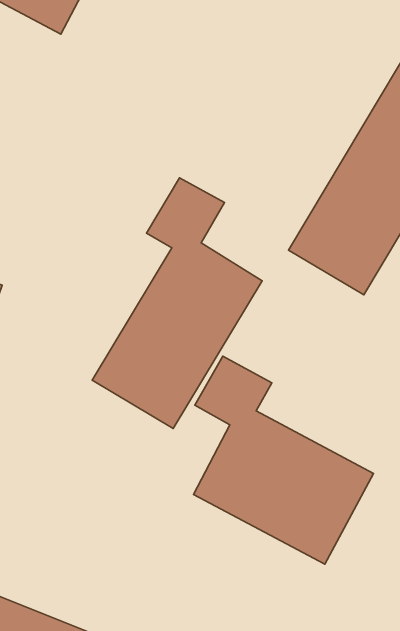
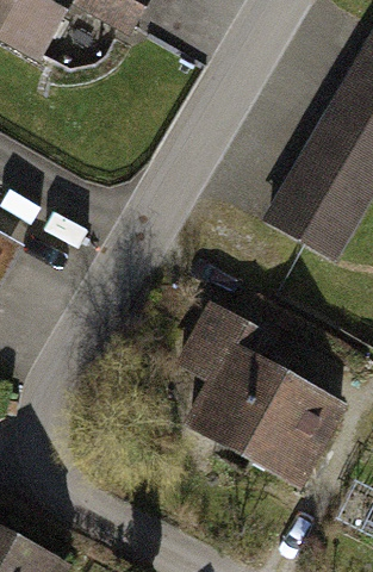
building: [92,178,262,428] -> none

